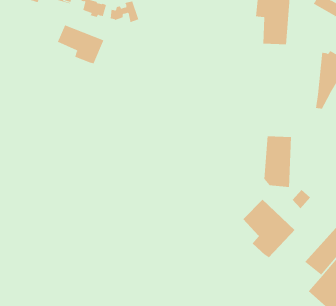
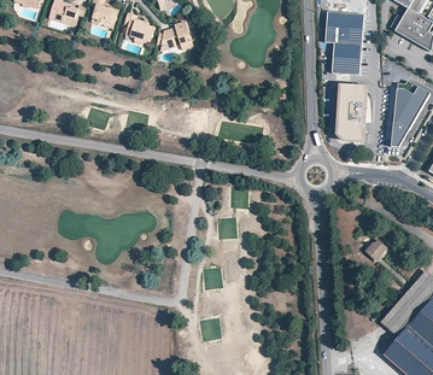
building: [57,24,104,64] -> none
building: [264,136,292,187] -> [337,83,369,142]
building: [242,199,296,258] -> none

